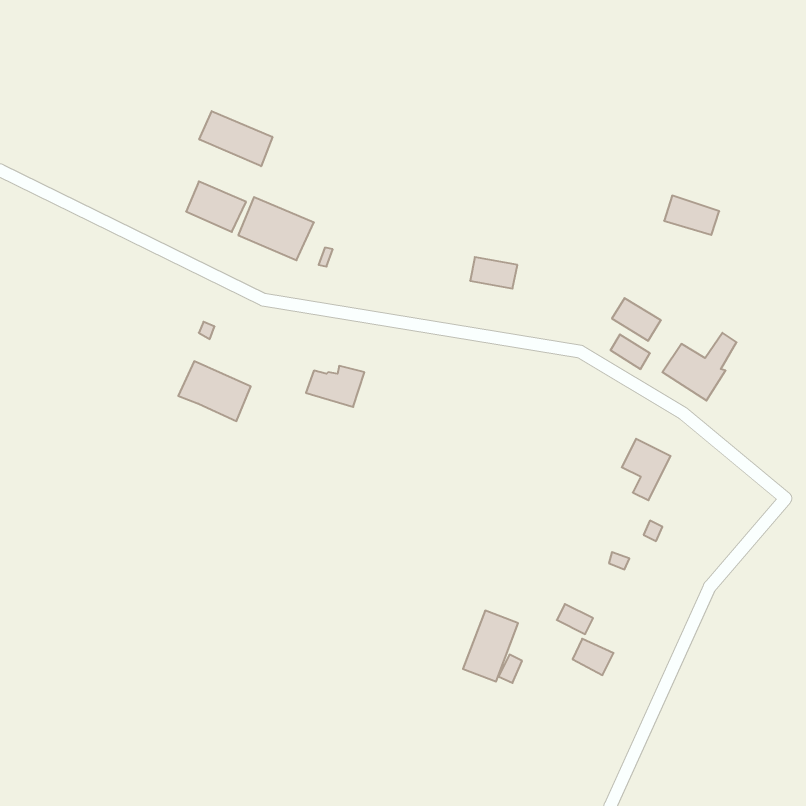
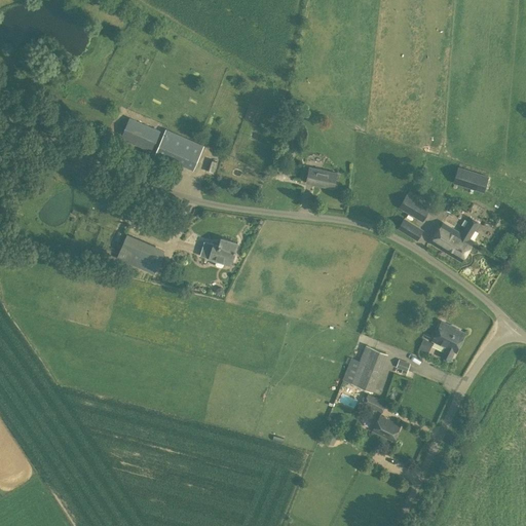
building: [199,111,272,166] -> none
building: [664,196,719,235] -> [453,166,489,192]
building: [622,439,671,500] -> [433,322,464,362]
building: [463,611,518,682] -> [351,345,387,391]

